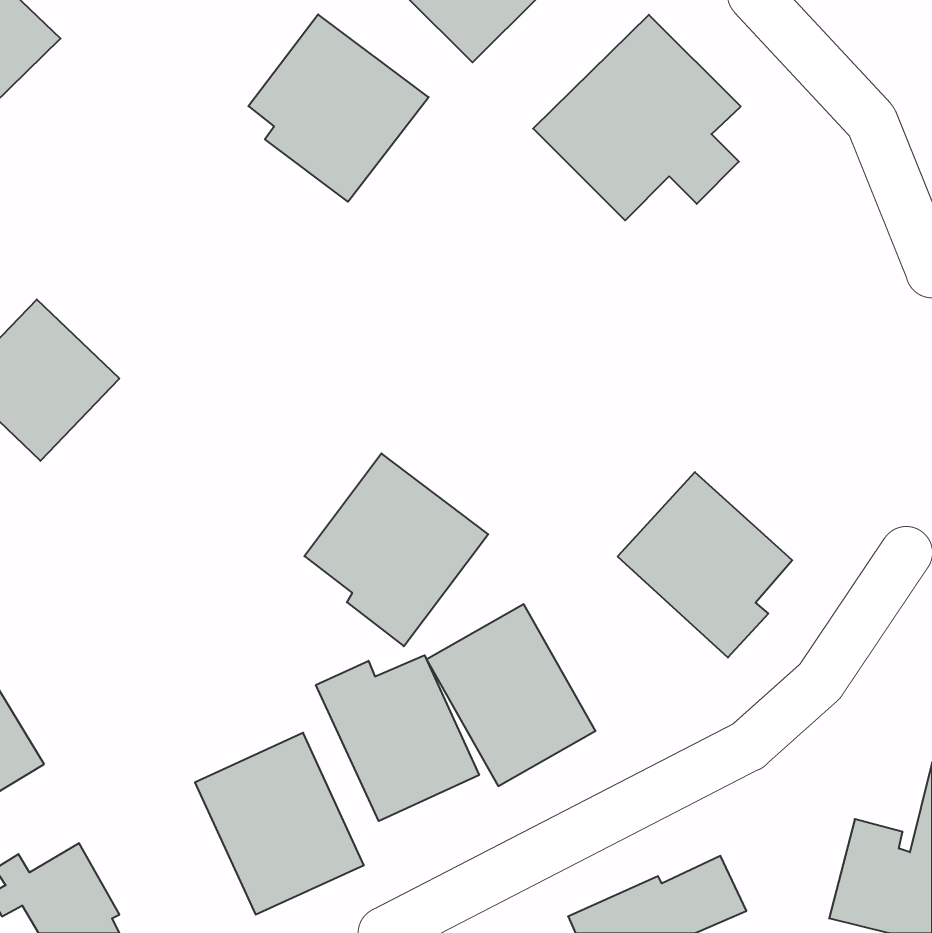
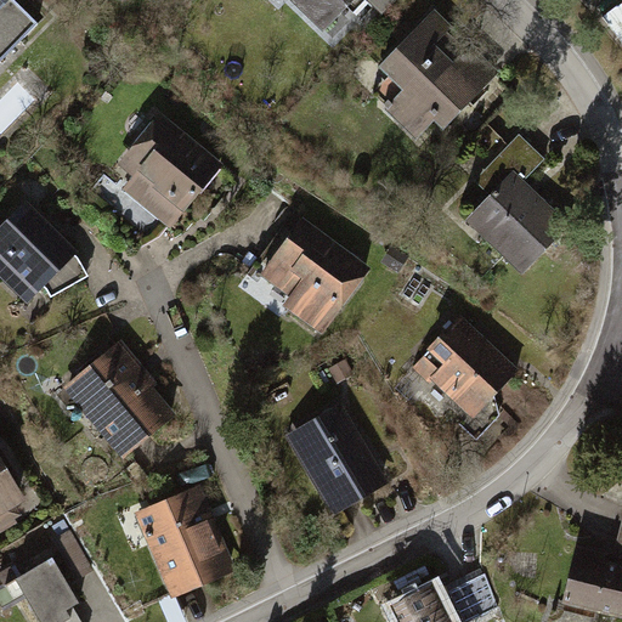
building: [248,14,429,202] -> [111,104,230,228]
building: none -> [454,132,562,279]
building: [304,453,488,646] -> [253,211,374,339]
building: none -> [61,341,180,462]
building: [316,655,479,821] -> none

